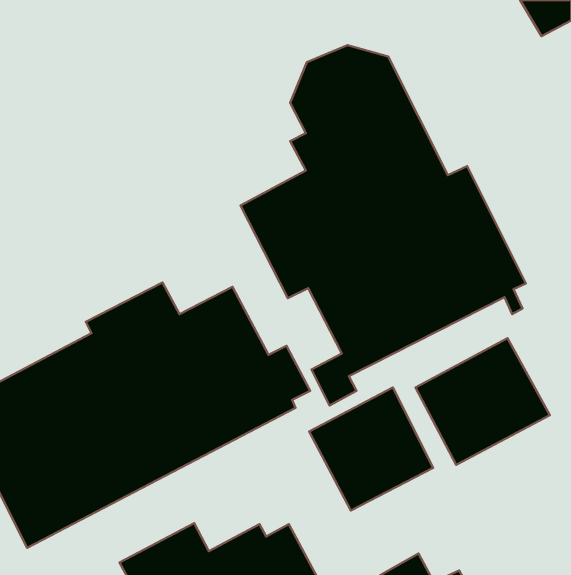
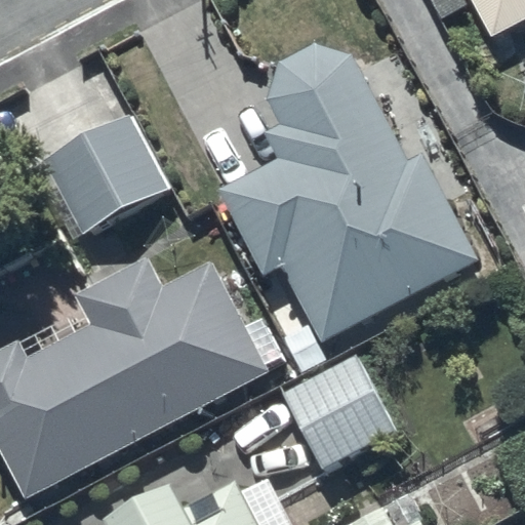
building: none -> [42,114,168,233]
building: [416,338,550,465] -> none

